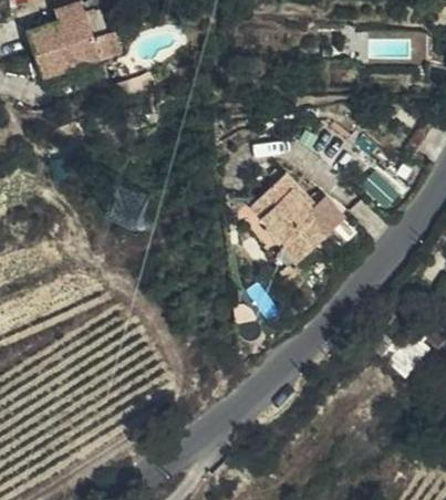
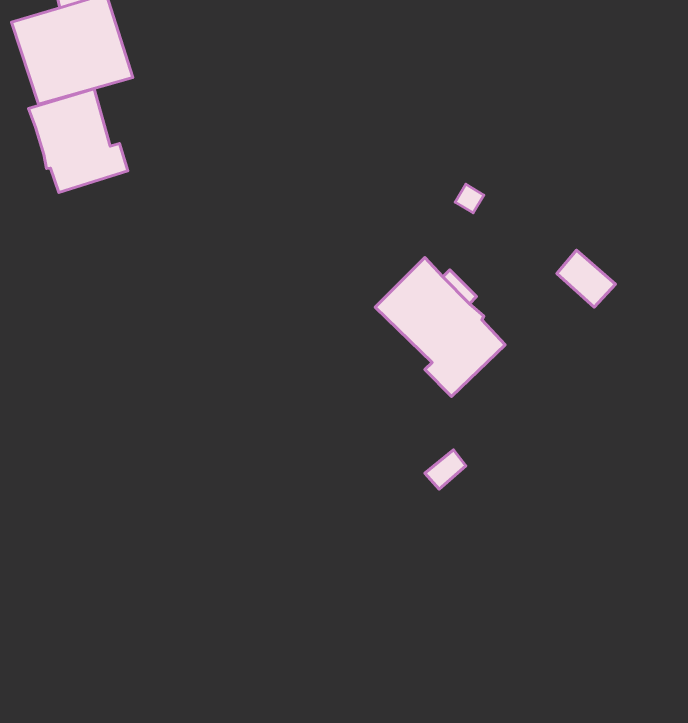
building: none -> [29,89,128,192]

